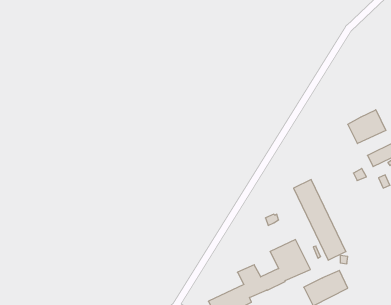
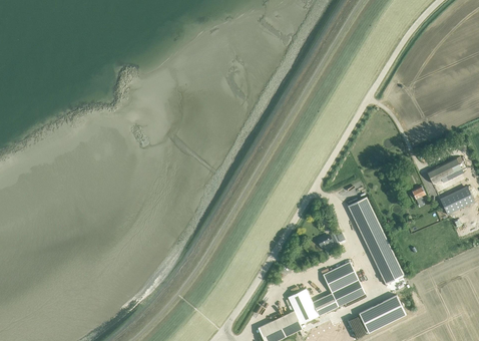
building: [348,110,386,144] -> none

